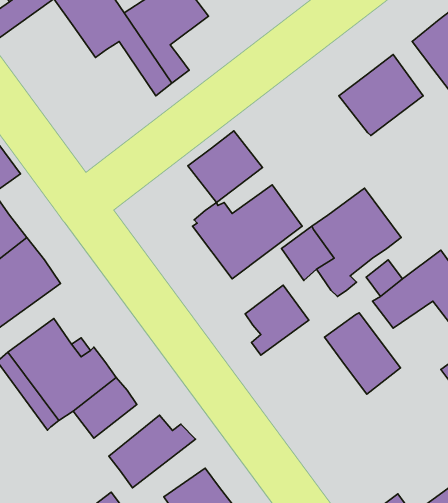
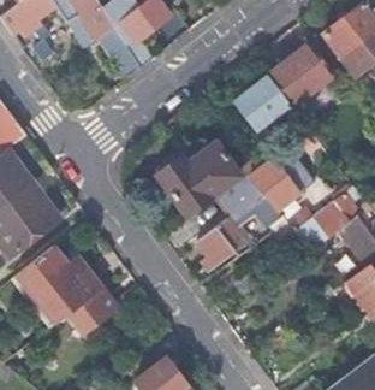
building: [188,131,263,202] -> [233,76,290,130]
building: [324,313,400,394] -> none
building: [109,415,195,488] -> none

